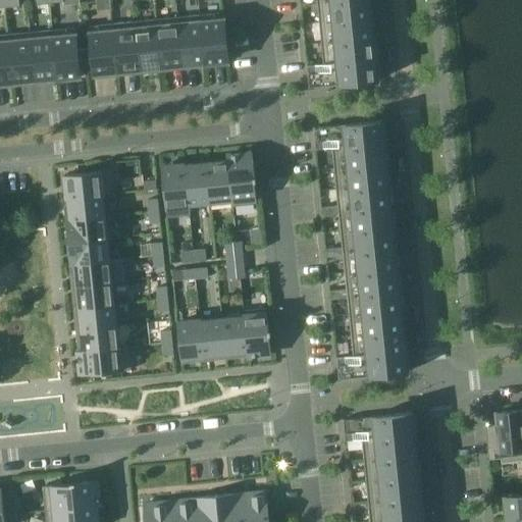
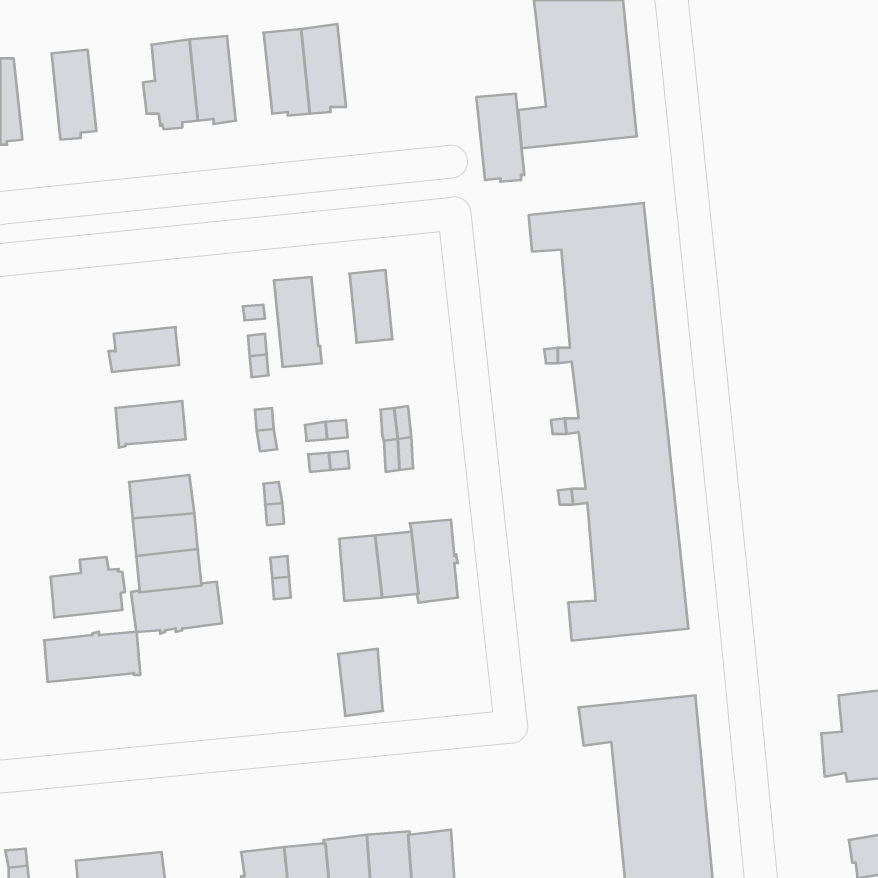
building: [201,13,229,65] -> [476,94,524,182]
building: [136,20,162,72] -> none
building: [53,29,81,81] -> none
building: [9,33,37,85] -> none
building: [227,153,258,207] -> none
building: [186,163,212,206] -> none
building: [66,171,114,199] -> none
building: [67,215,114,243] -> none
building: [75,261,113,286] -> none
building: [178,320,205,360] -> [338,649,383,716]
building: none -> [51,557,125,618]
building: [44,481,101,511] -> [44,632,140,682]

